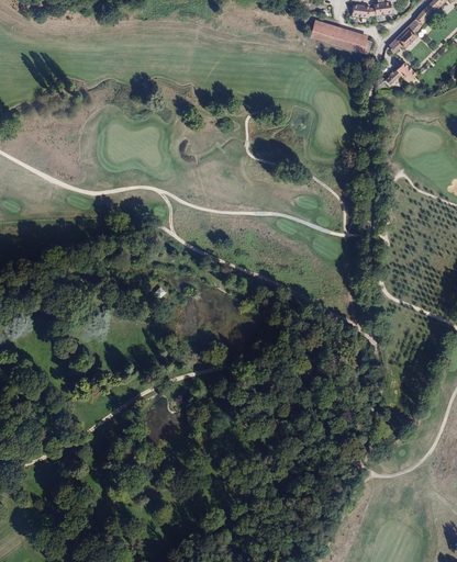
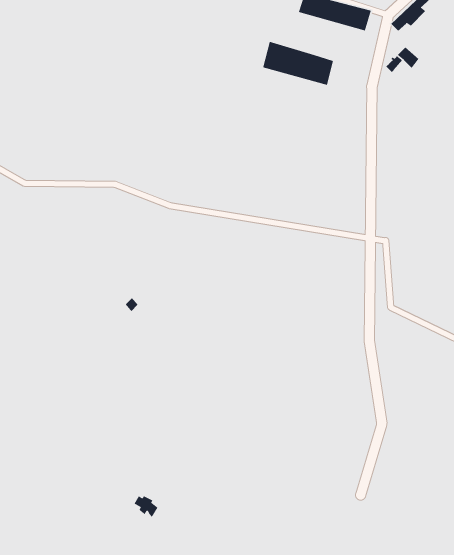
building: none -> [262,41,334,86]

